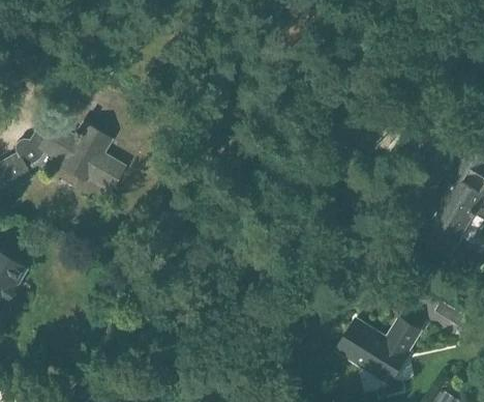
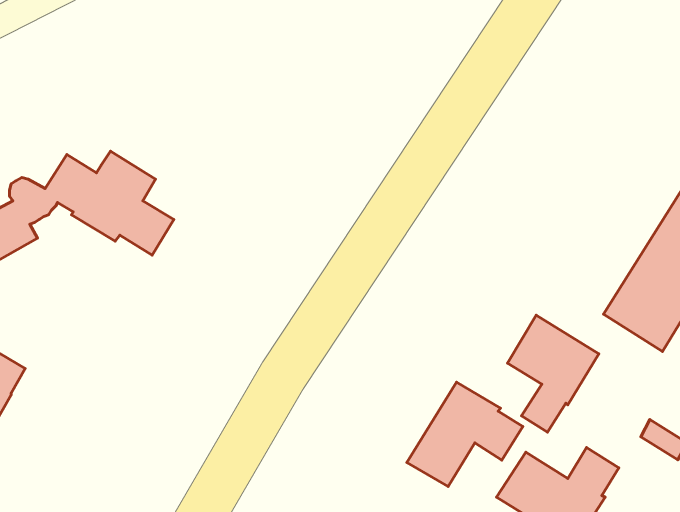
building: none -> [508,315,599,432]
building: none -> [407,382,523,487]

